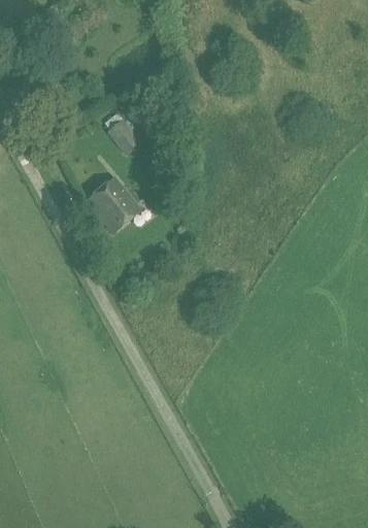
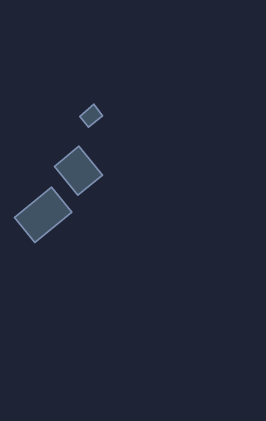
building: none -> [14,187,72,242]

